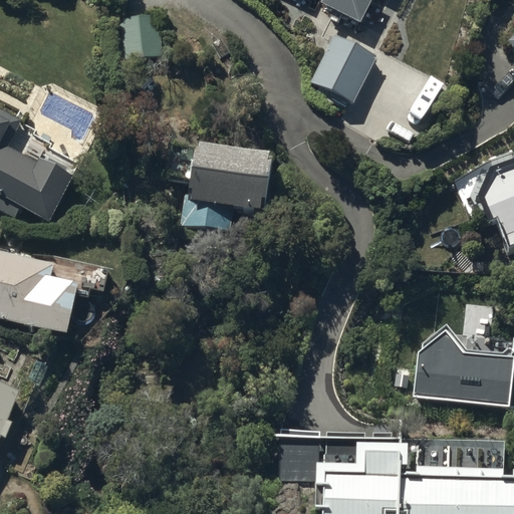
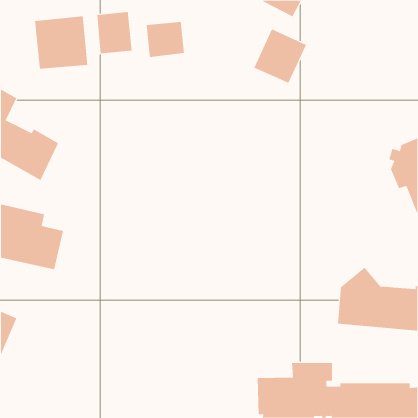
building: none -> [34,16,88,69]
building: none -> [146,21,184,58]
building: [166,142,273,233] -> none

